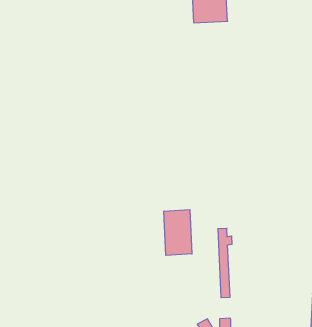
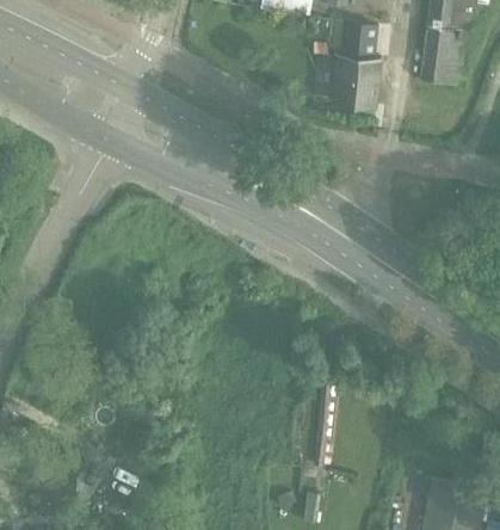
building: [164,210,192,255] -> none

